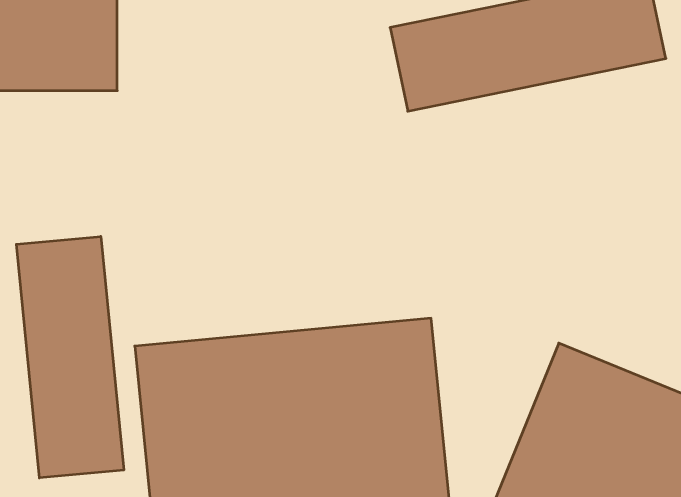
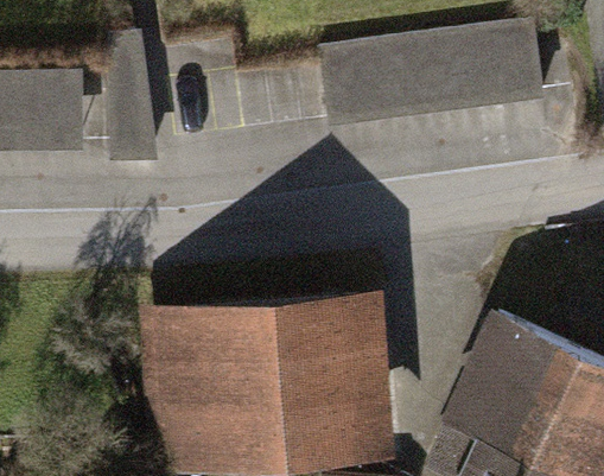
building: [16,236,124,478] -> none

